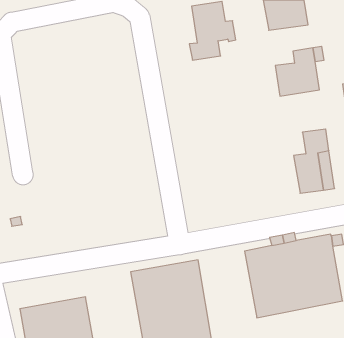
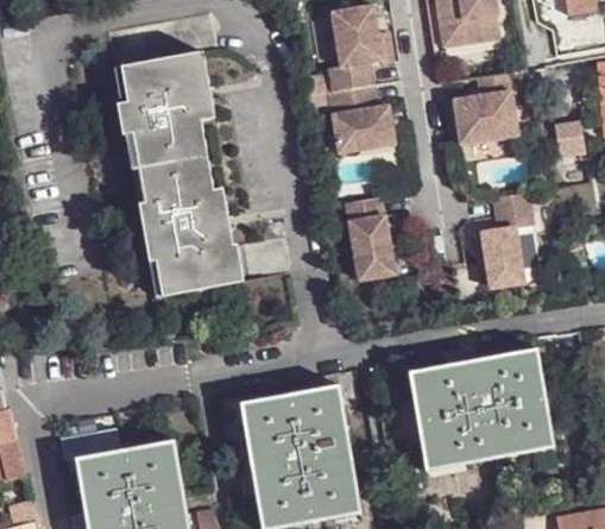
building: none -> [118,52,242,294]
building: none -> [327,83,393,151]
building: none -> [345,196,396,279]

